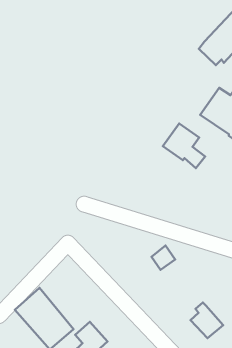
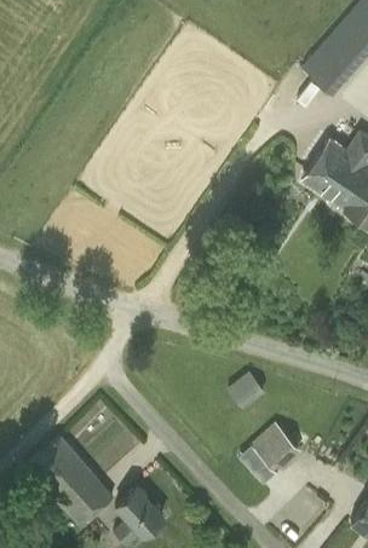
building: [163,123,205,168] -> none
building: [191,302,223,338] -> [249,417,298,471]

